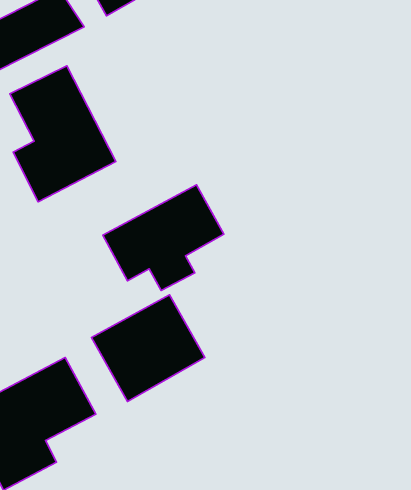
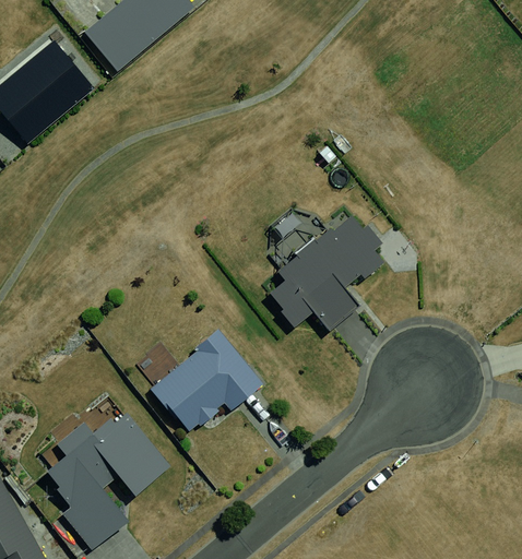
building: [10,66,116,202] -> none
building: [103,185,224,291] -> [271,215,391,325]

